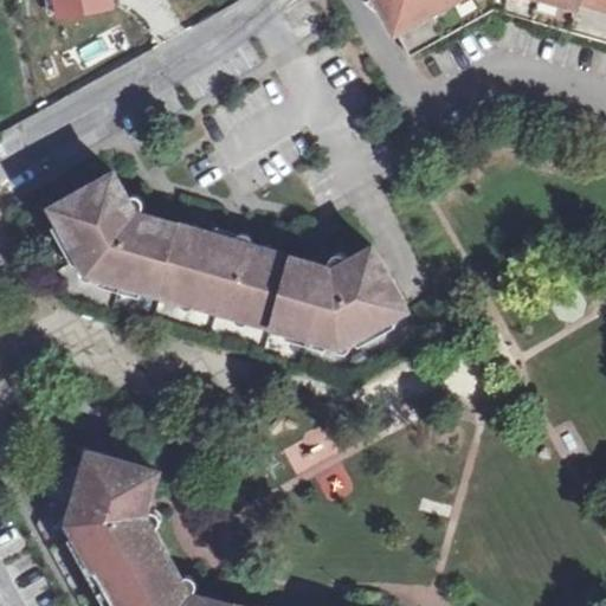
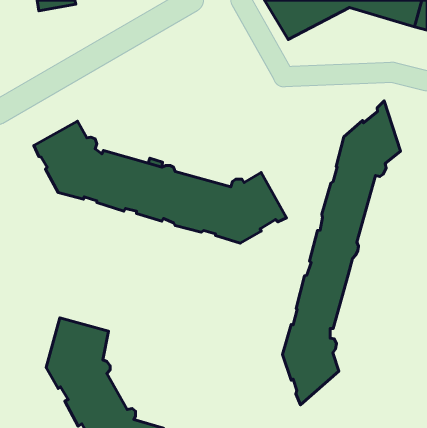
building: none -> [283,101,401,405]

